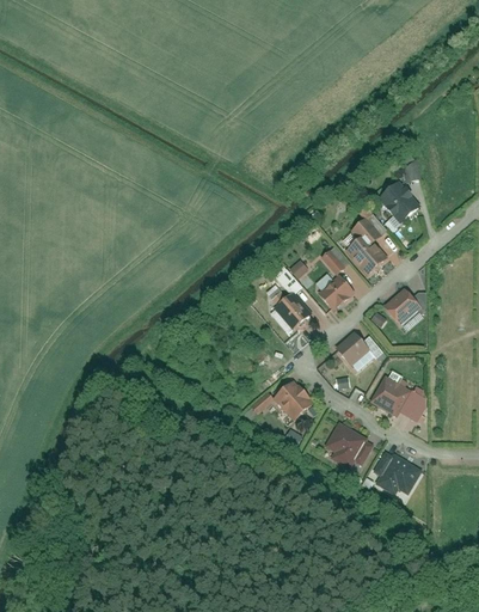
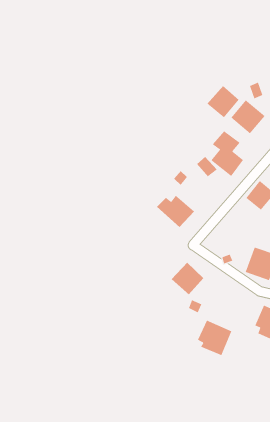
building: none -> [207,85,239,118]
building: [318,273,356,311] -> none
building: [334,332,369,367] -> none
building: [323,421,369,470] -> [197,320,232,356]

